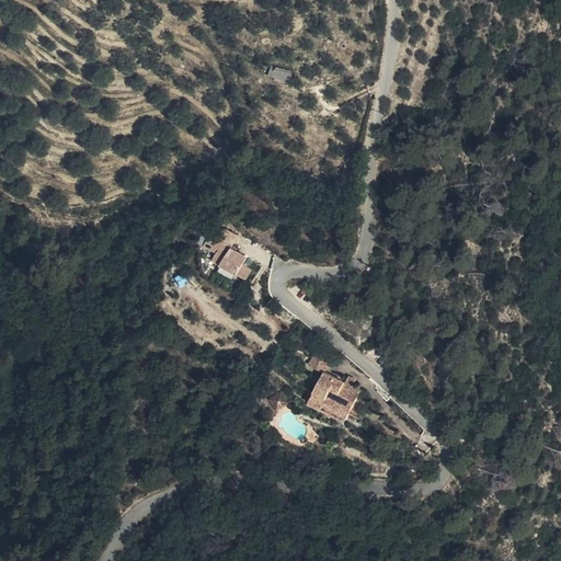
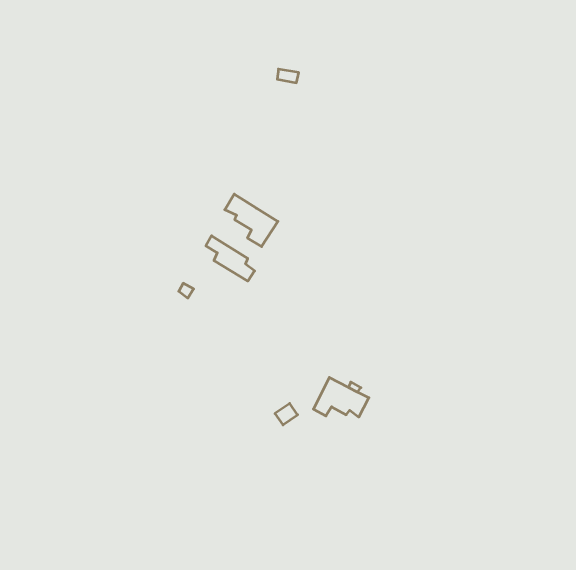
building: none -> [225,194,278,247]

